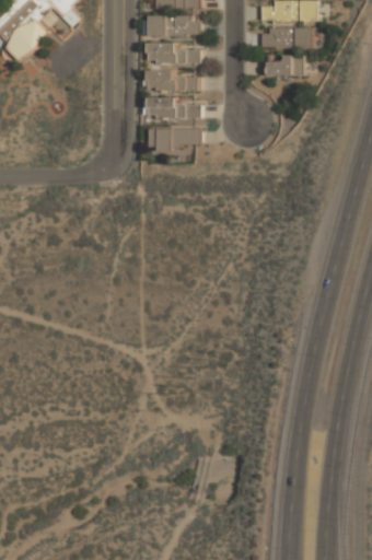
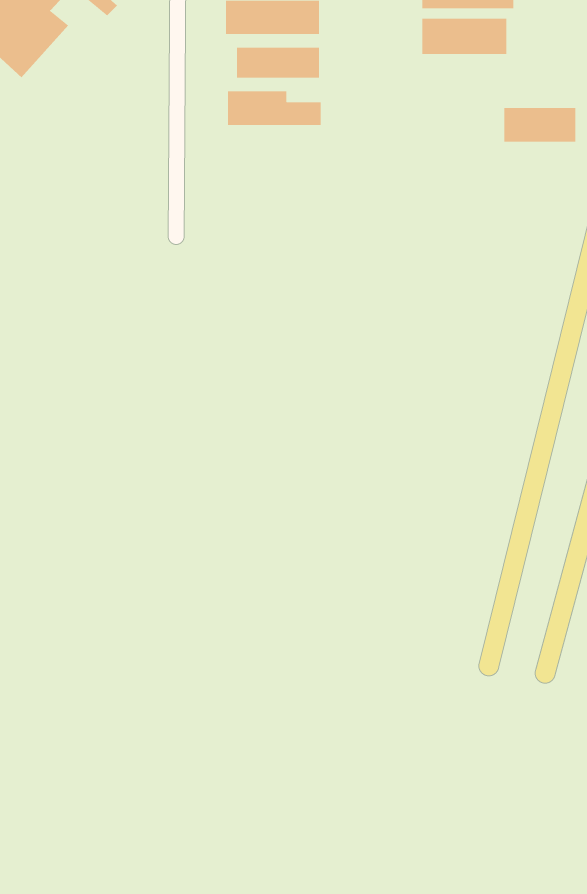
building: [261,55,305,75] -> [504,108,576,142]
building: [144,97,201,119] -> none
building: [150,127,201,151] -> none

